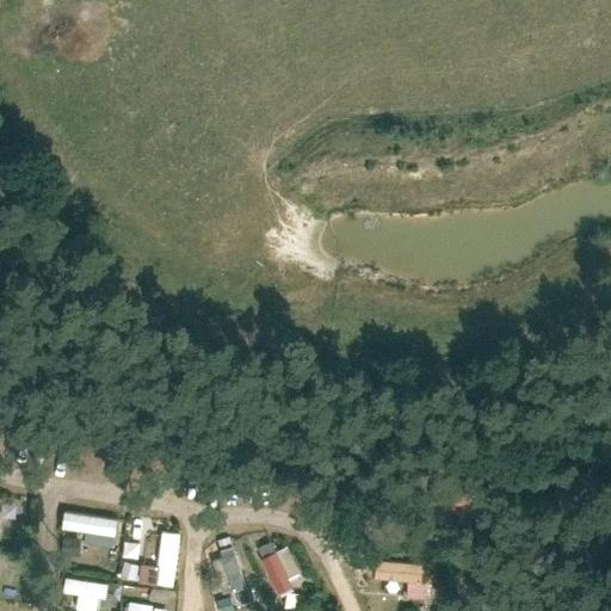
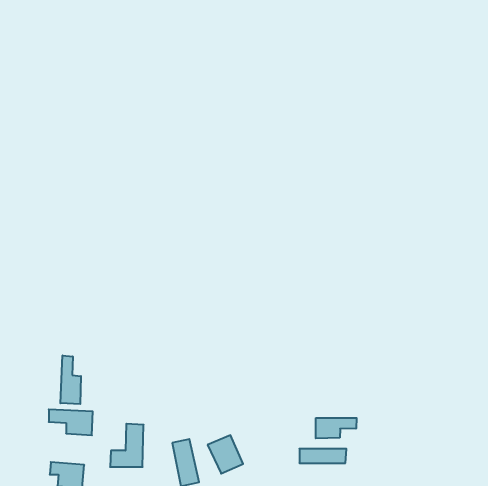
building: none -> [60,355,81,404]
building: none -> [316,418,357,438]

